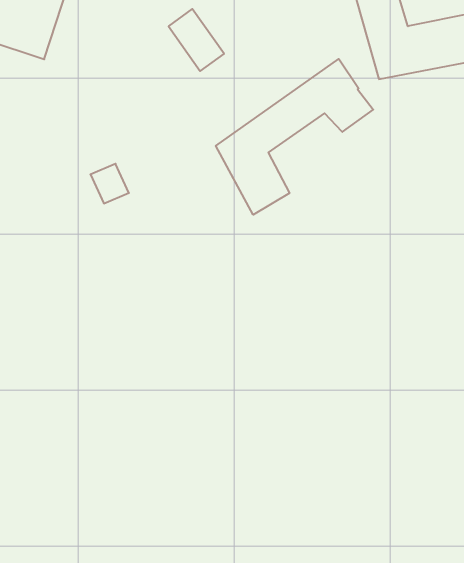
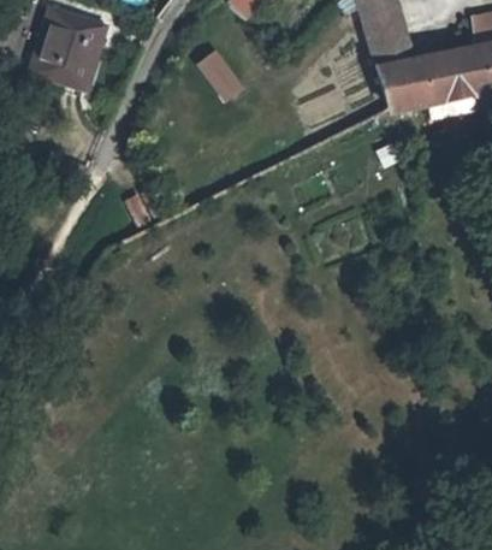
building: [216,59,373,215] -> none

